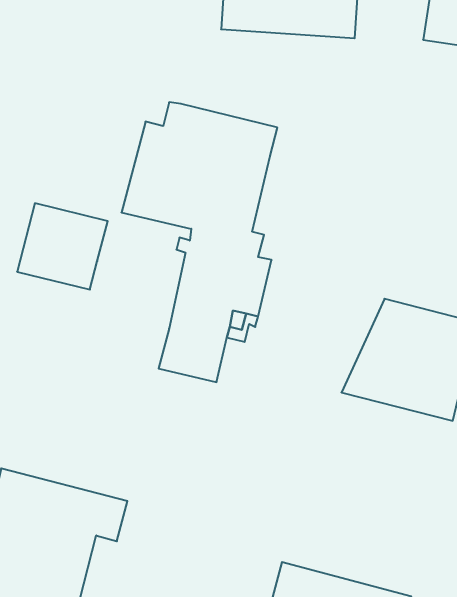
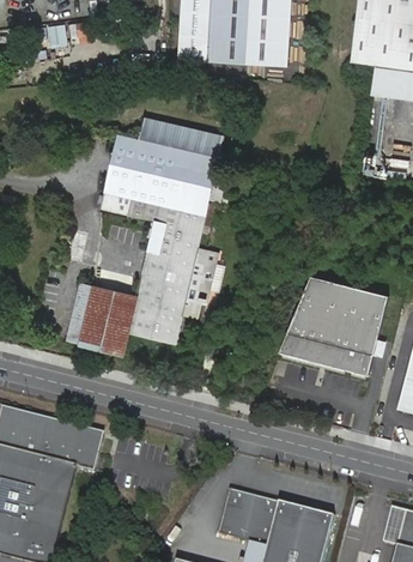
building: [17,203,108,290] -> [65,284,138,353]

